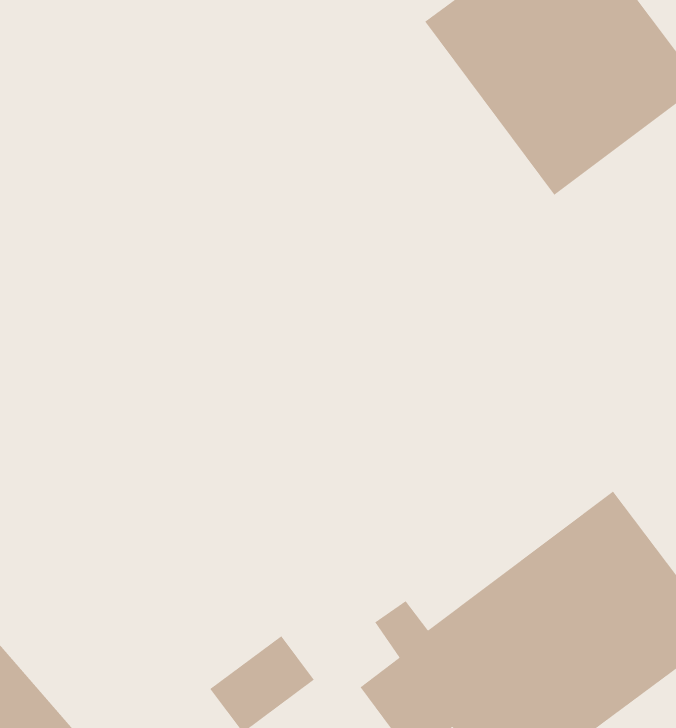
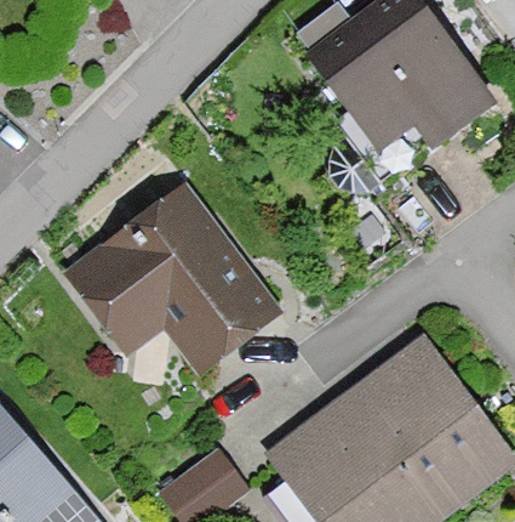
building: none -> [78,191,269,357]

